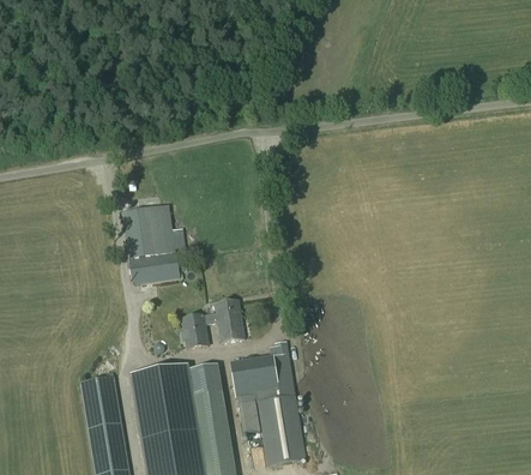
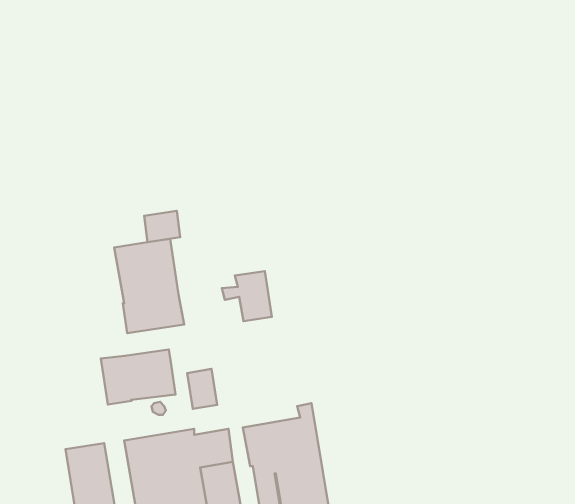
building: none -> [144,211,180,242]
building: none -> [101,349,175,405]
building: [203,297,245,339] -> [222,271,272,321]

